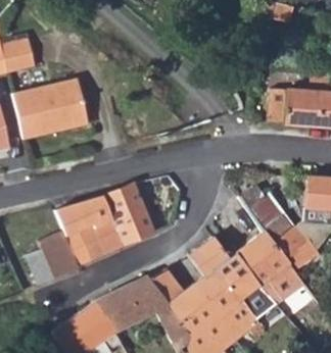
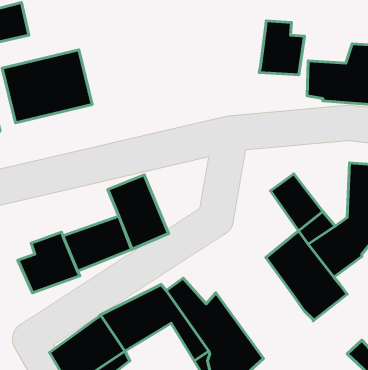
building: none -> [259,21,305,75]
building: [55,196,111,235] -> none
building: [188,236,275,339] -> none

